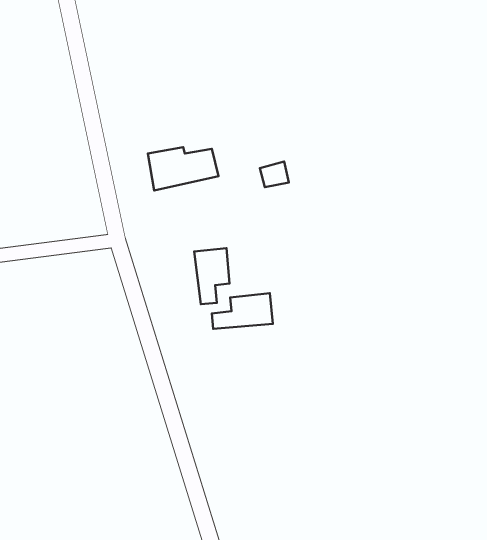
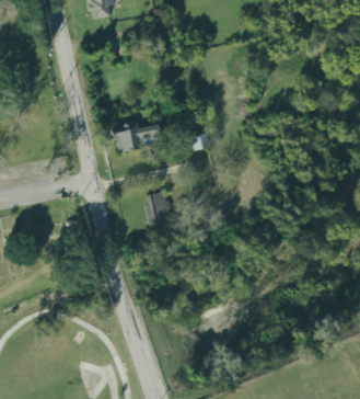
building: [212,293,273,329] -> none

